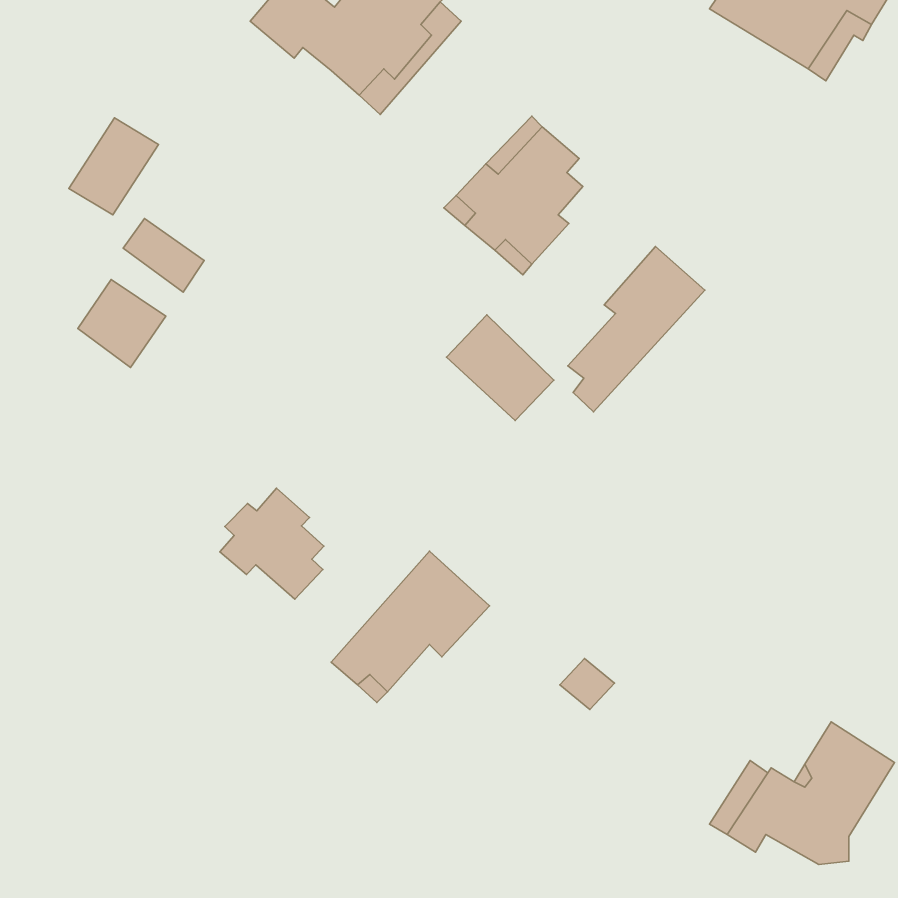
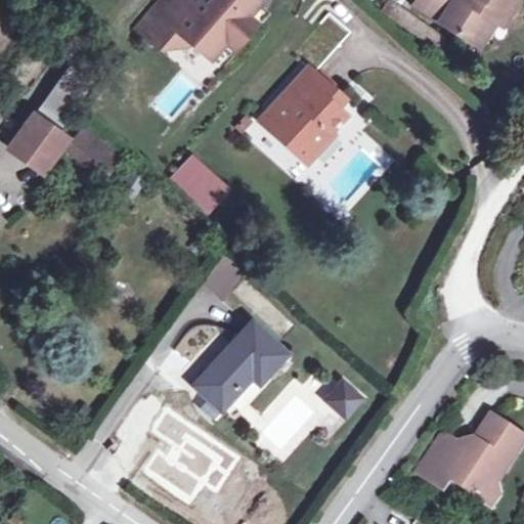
building: none -> [135,12,193,47]
building: [568,247,705,412] -> none
building: [78,279,166,367] -> [12,116,63,167]
building: [446,315,554,421] -> [171,151,233,213]
building: [220,488,324,599] -> none

